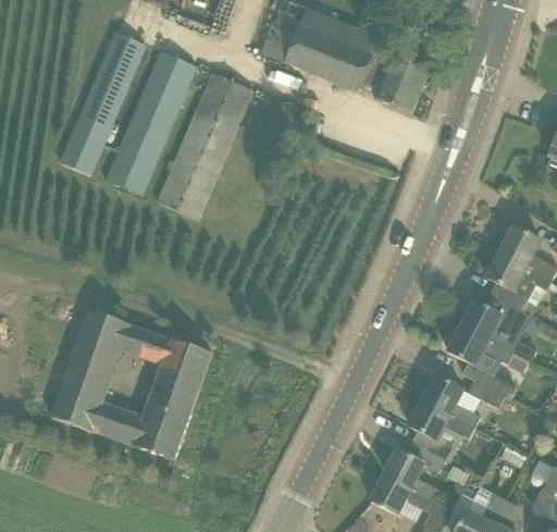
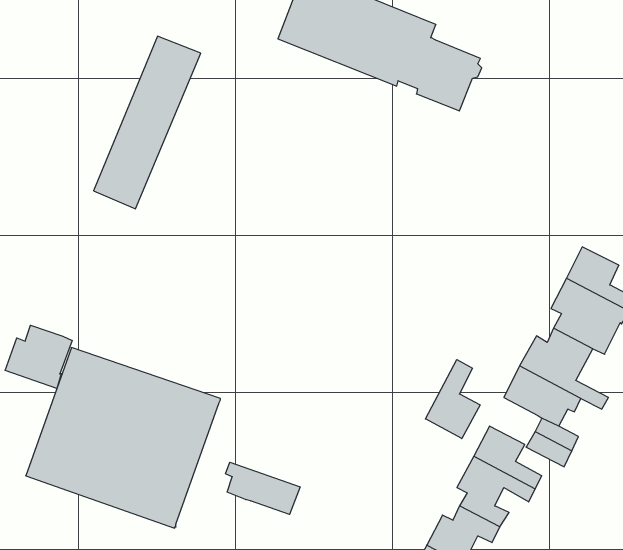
building: [61,30,145,174] -> none
building: [157,72,252,219] -> none
building: none -> [5,325,72,389]
building: none -> [425,360,480,439]
building: none -> [225,462,300,514]

